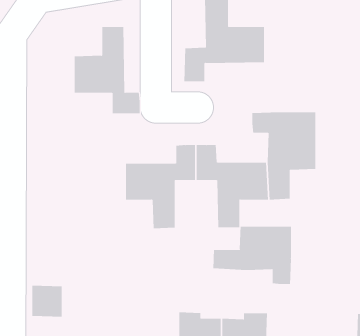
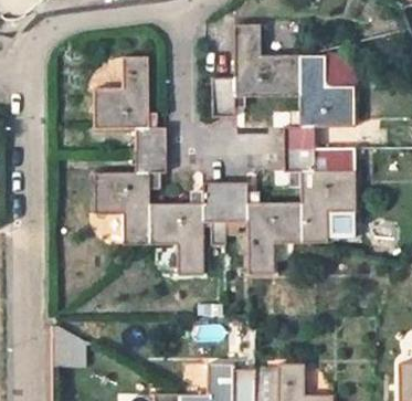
building: none -> [287,55,356,148]
building: none -> [97,149,168,242]
building: [213,226,291,285] -> none

